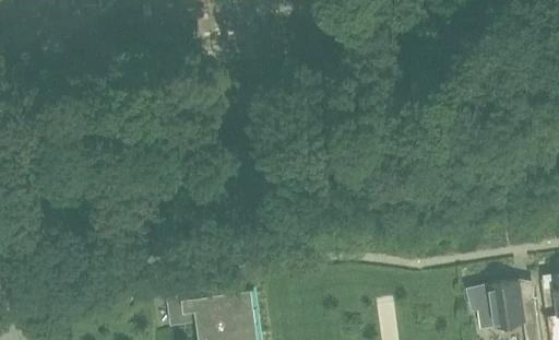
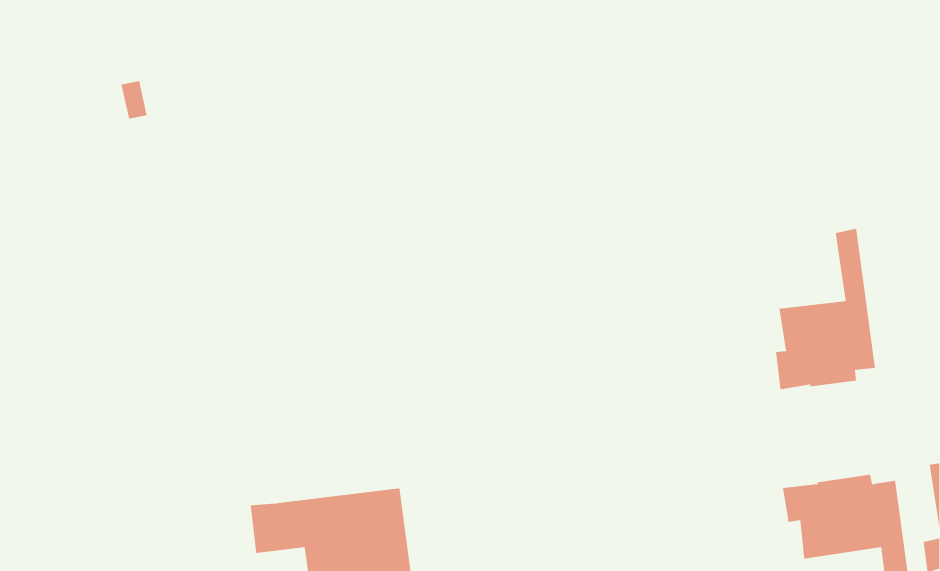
building: none -> [776,228,876,390]

